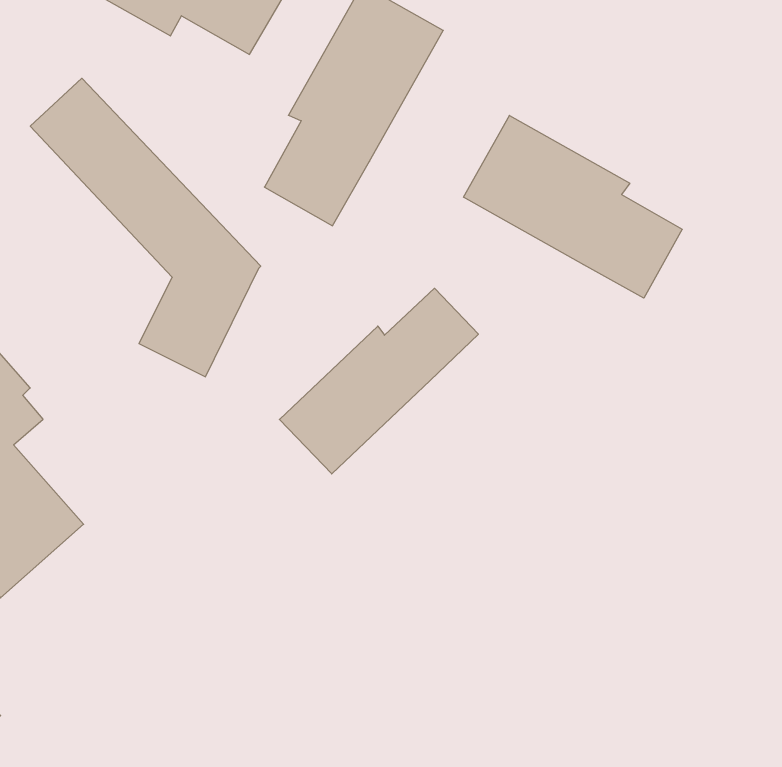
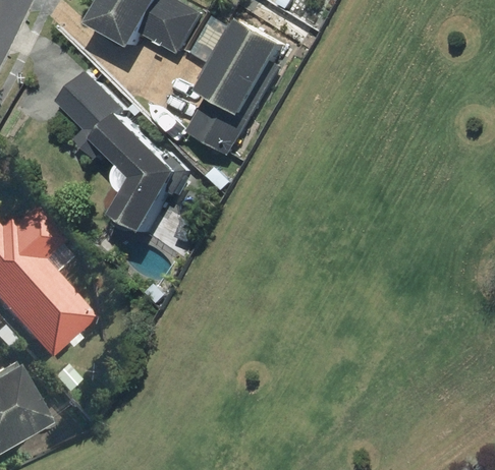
building: [464,115,682,298] -> none
building: [279,288,478,474] -> none

